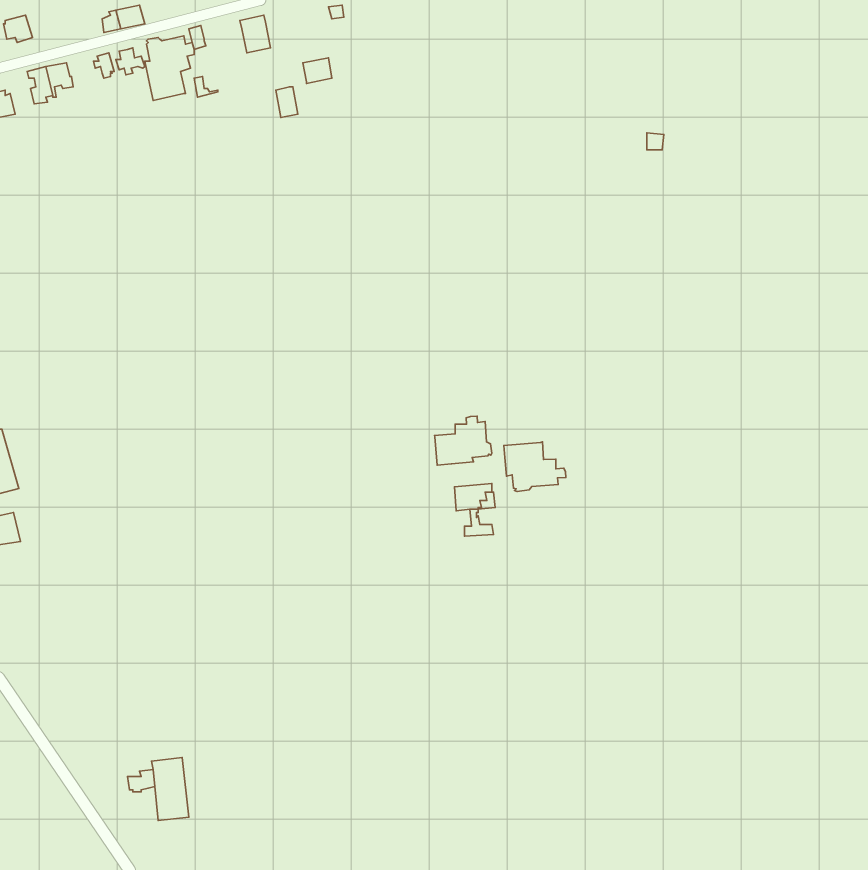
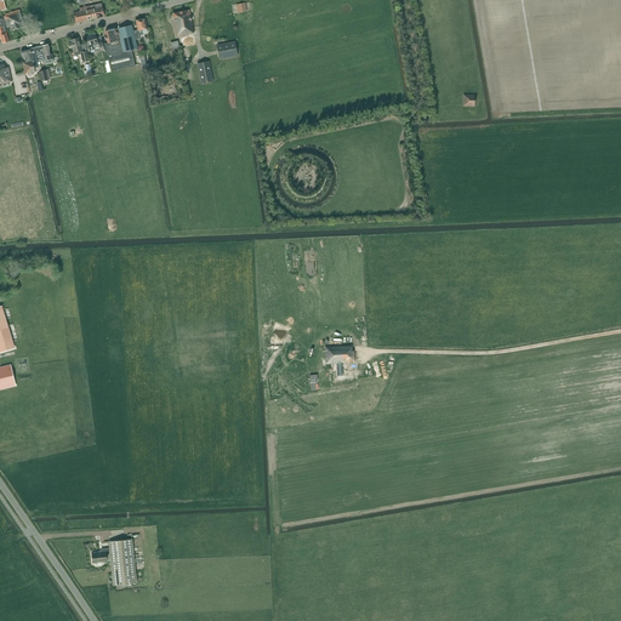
building: [434,416,492,465] -> none
building: [504,442,566,491] -> none

